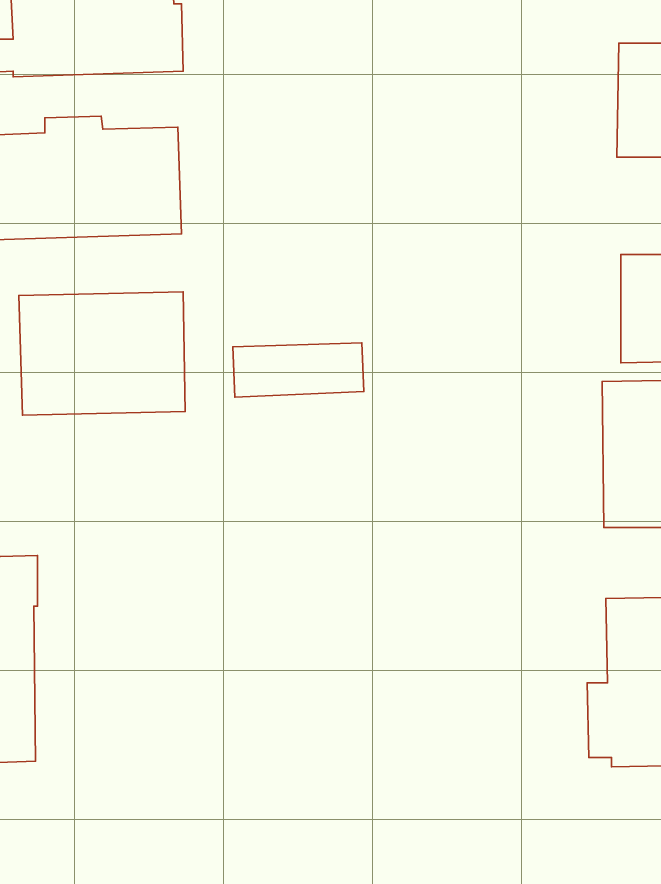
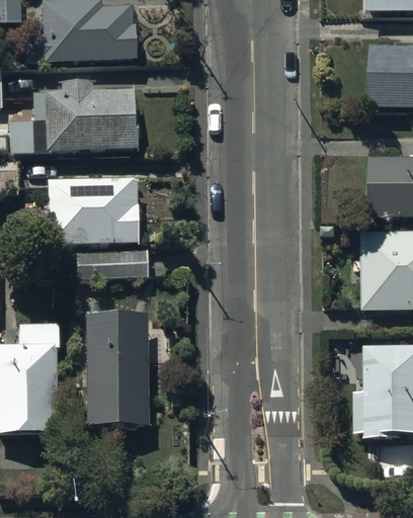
building: [233,343,364,397] -> [78,249,149,278]
building: none -> [86,314,150,428]

